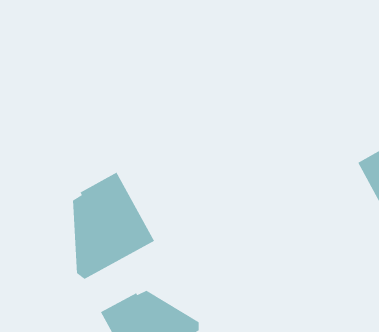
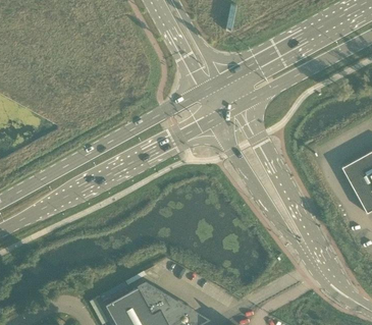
building: [72,172,155,280] -> none

